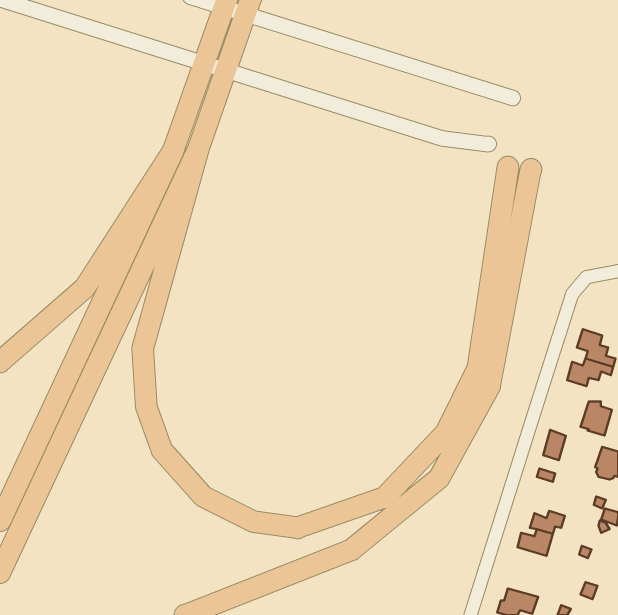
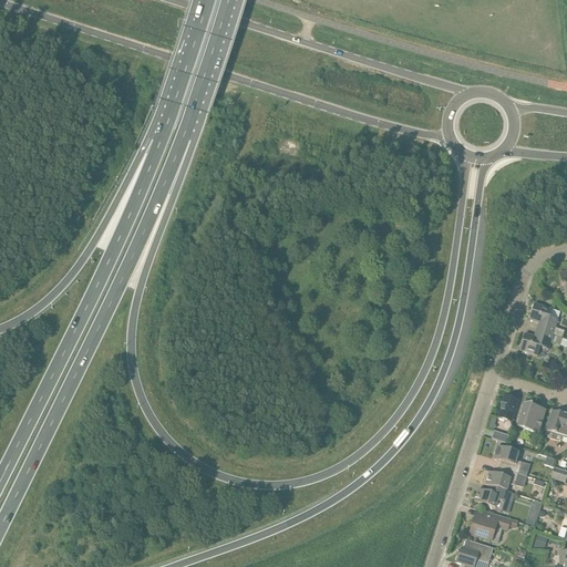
building: [580,401,612,435] -> [516,401,545,432]
building: none -> [493,444,520,472]
building: none -> [470,508,517,539]

